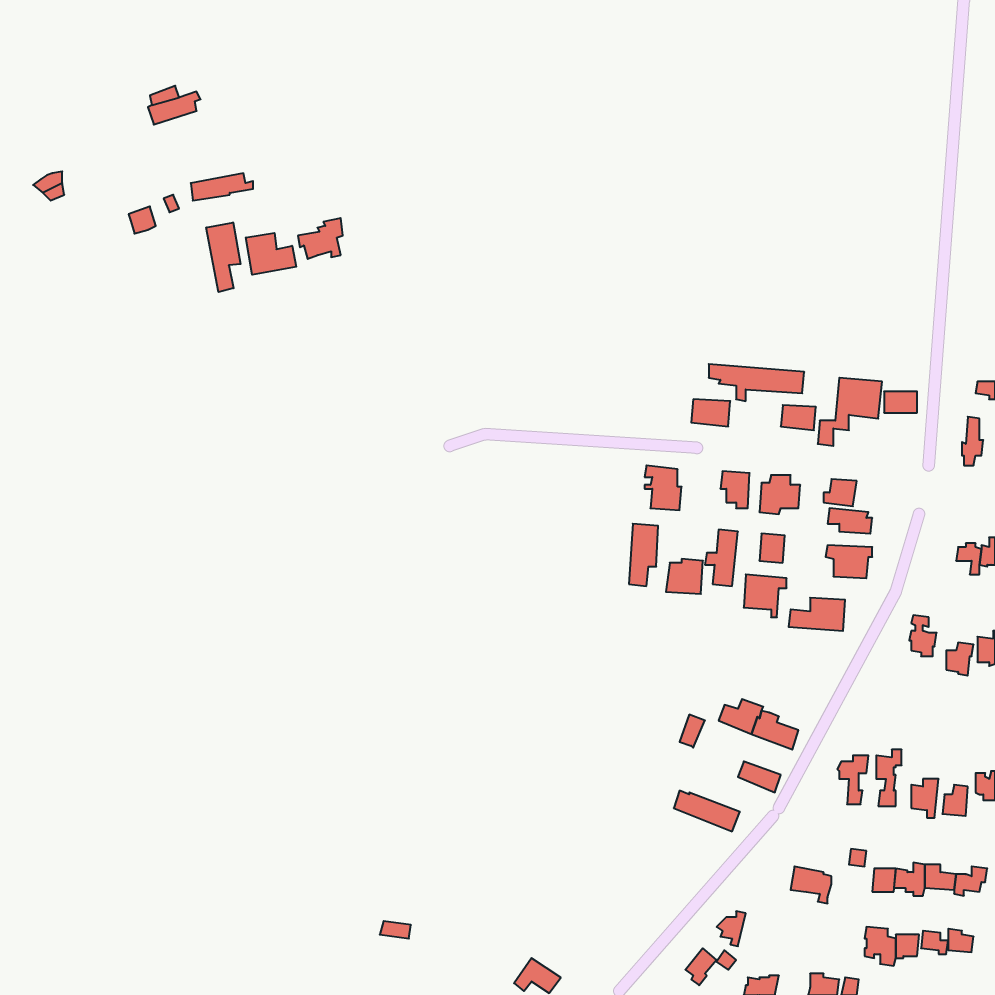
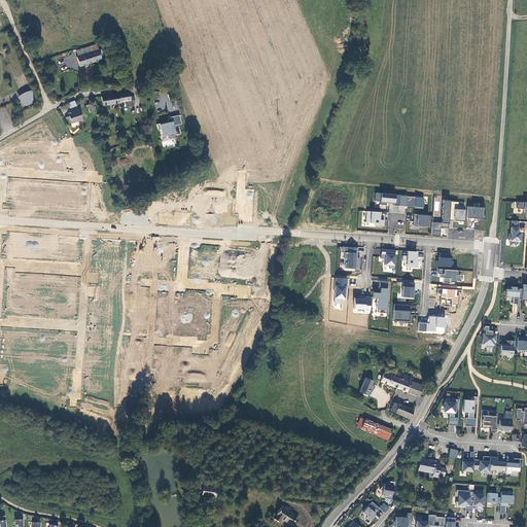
building: [206,222,241,292] -> none
building: [246,233,296,275] -> none

